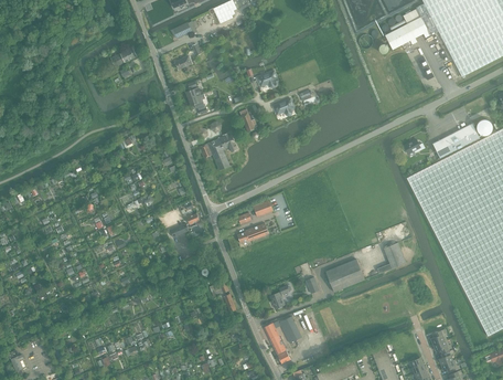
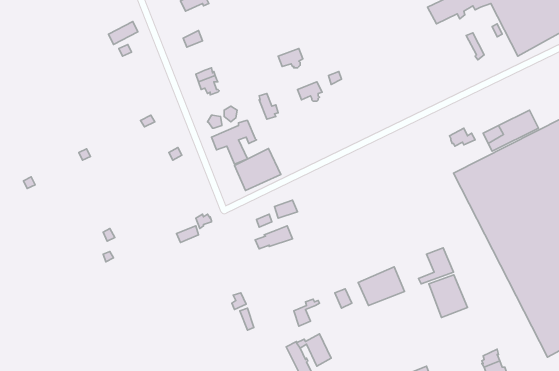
building: none -> [234,148,281,191]
building: none -> [429,275,468,318]

